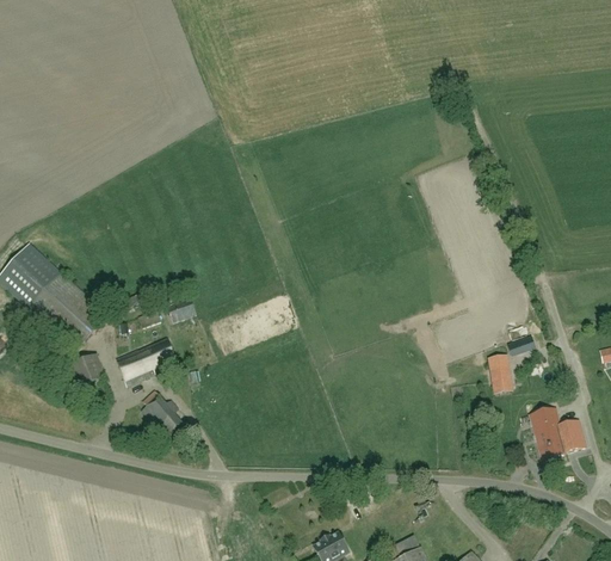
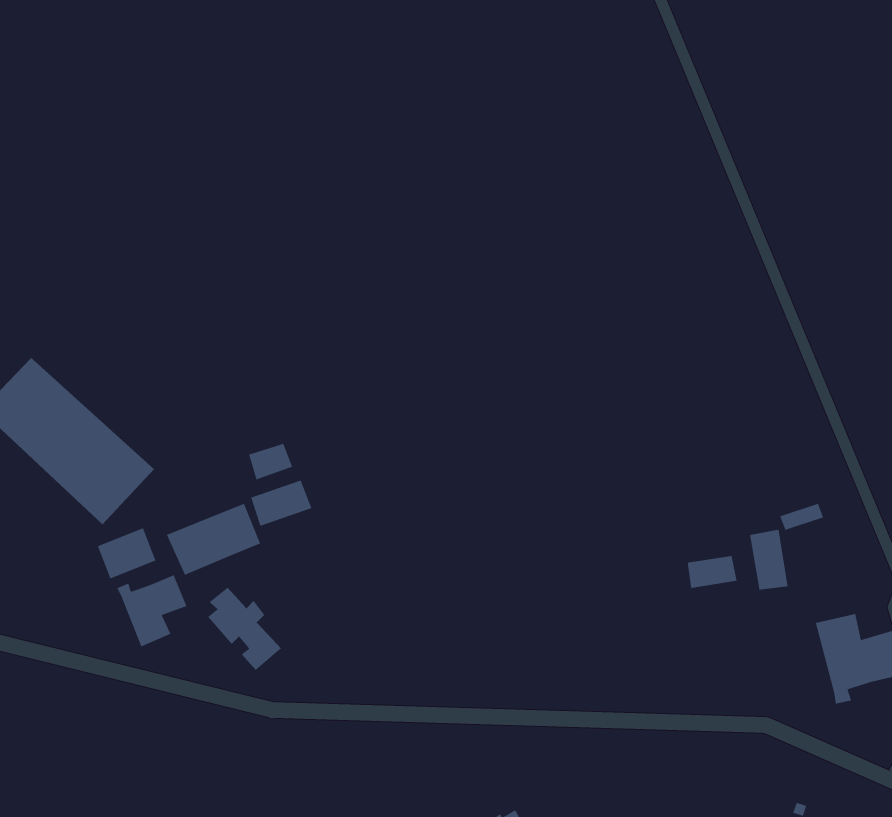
building: none -> [250,479,313,527]
building: none -> [687,555,737,589]
building: none -> [116,574,188,647]

